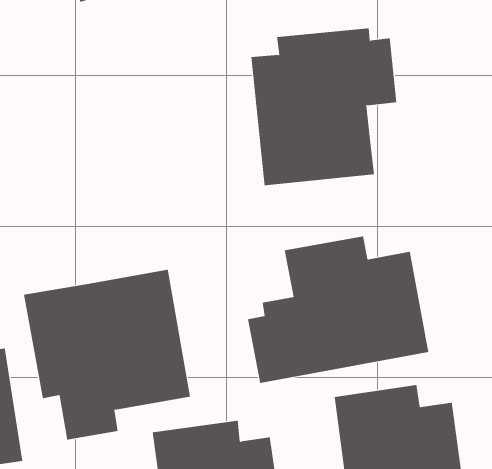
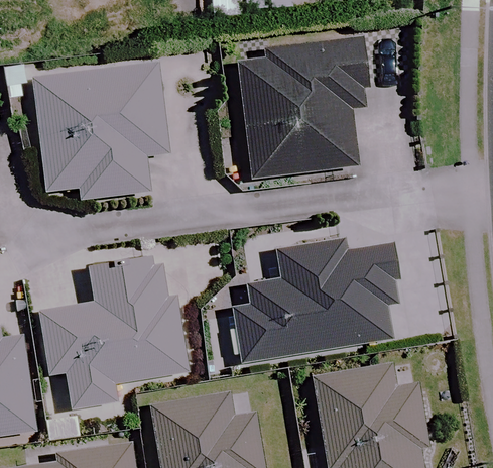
building: none -> [31,66,164,200]

